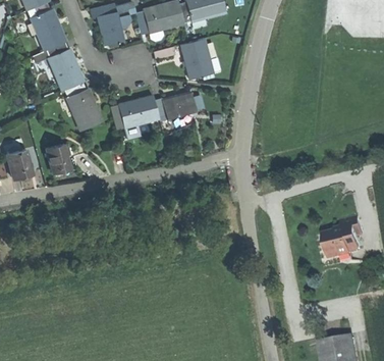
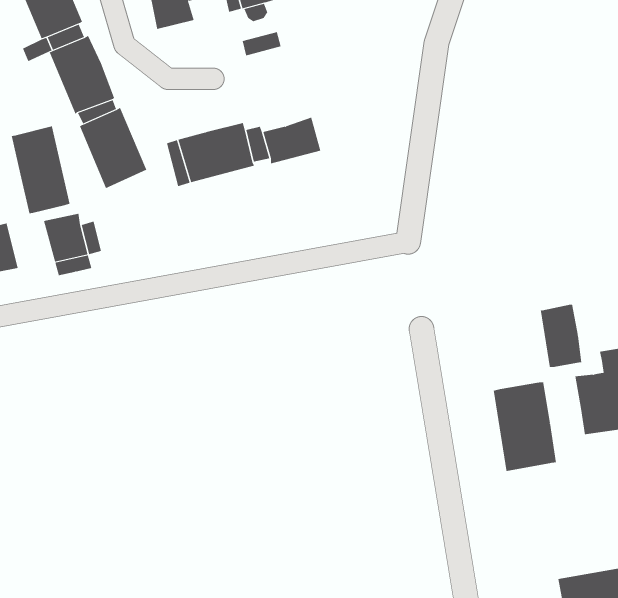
building: [183,39,216,80] -> none
building: none -> [11,125,70,214]
building: none -> [540,304,582,368]
building: none -> [493,381,556,472]

